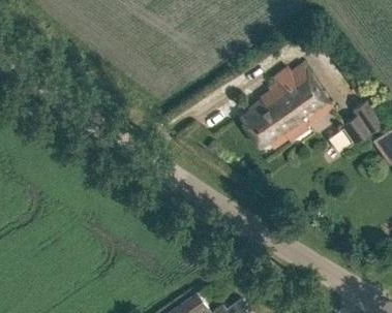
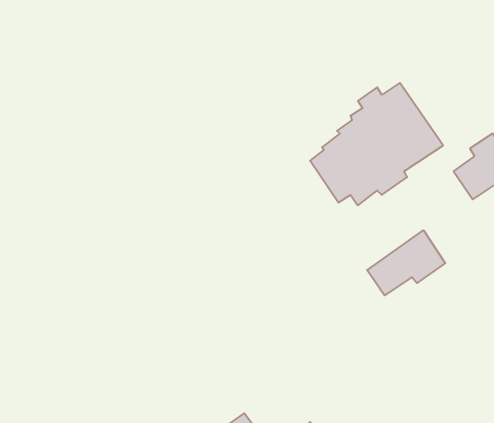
building: none -> [367,230,445,295]

